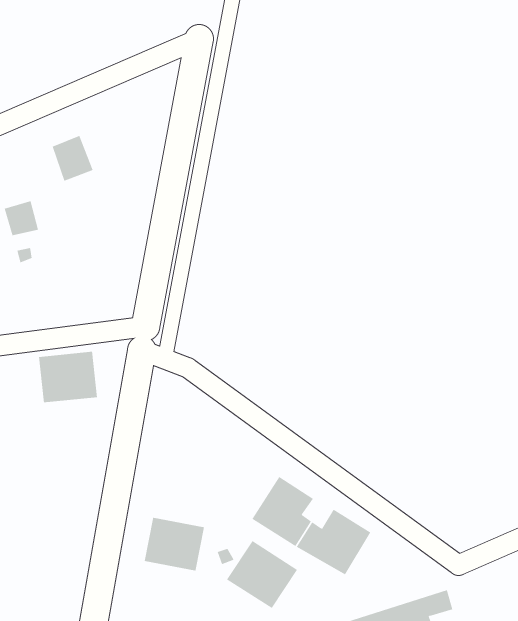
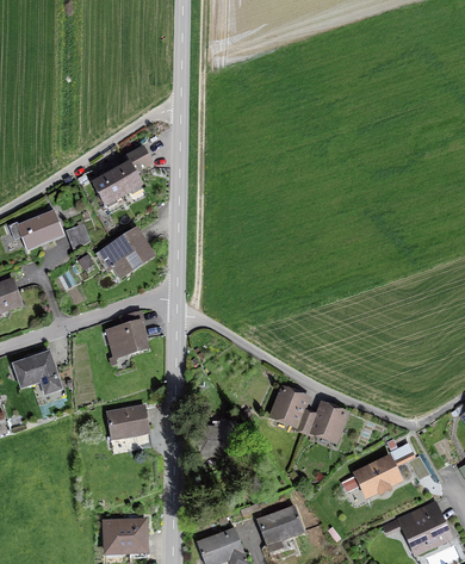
building: none -> [108,144,154,194]
building: none -> [95,228,157,283]
building: none -> [105,407,153,445]
building: [226,540,298,609] -> none

